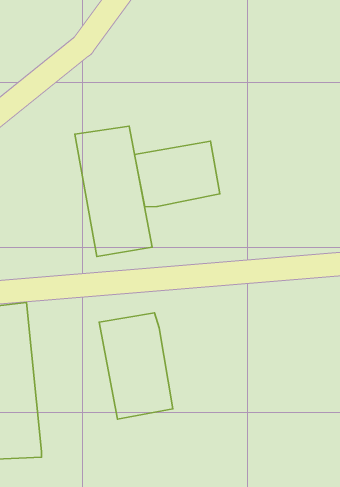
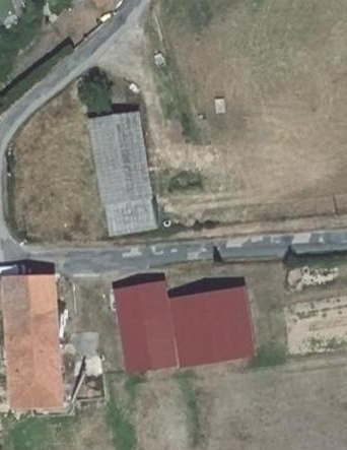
building: [134,141,220,207] -> none
building: none -> [165,280,255,365]

